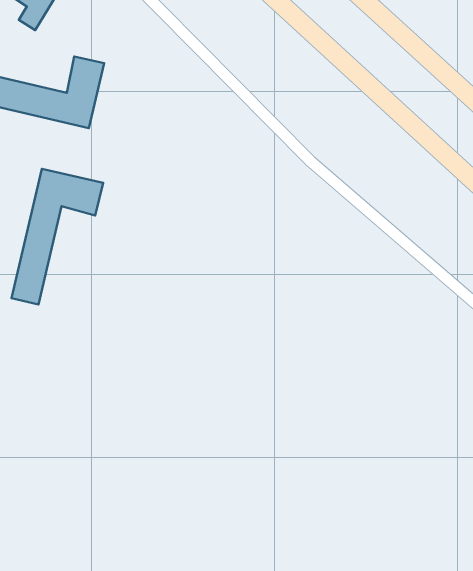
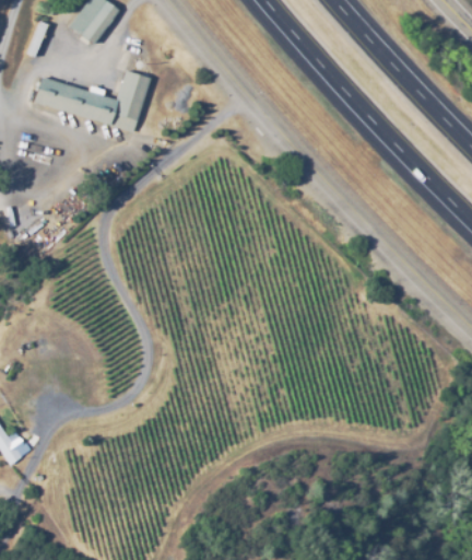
building: [11,169,103,304] -> none

